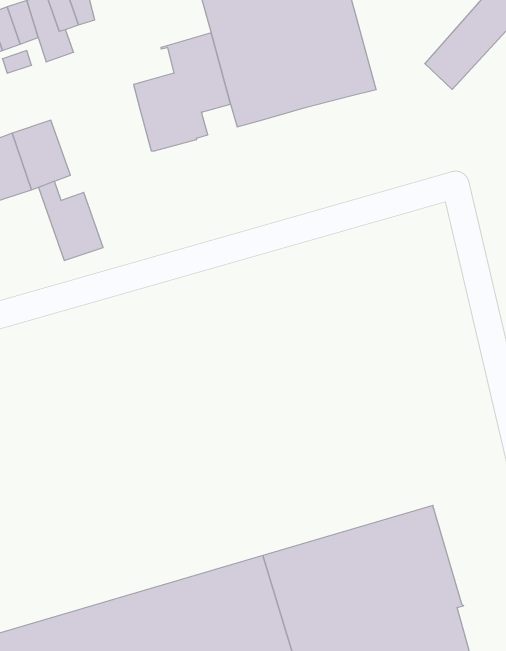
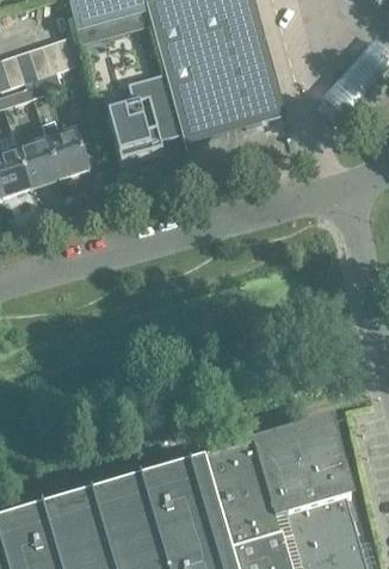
building: [38,181,103,260] -> [41,120,88,179]

